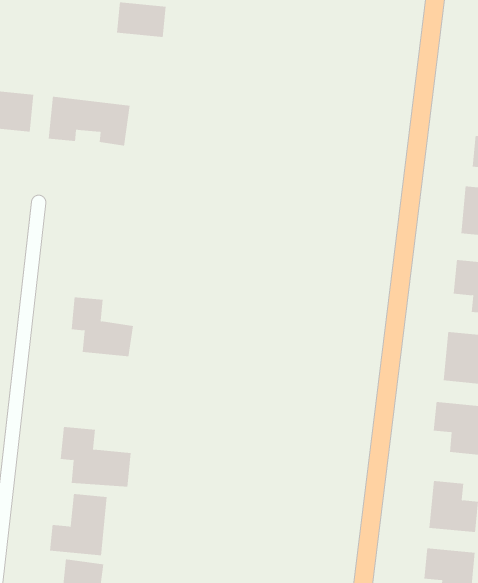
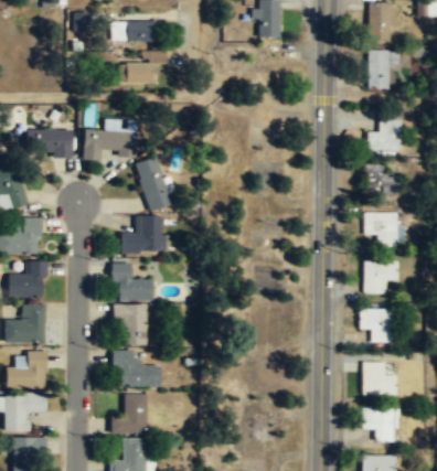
building: none -> [136,157,171,211]
building: none -> [120,216,161,251]
building: none -> [114,303,147,344]

